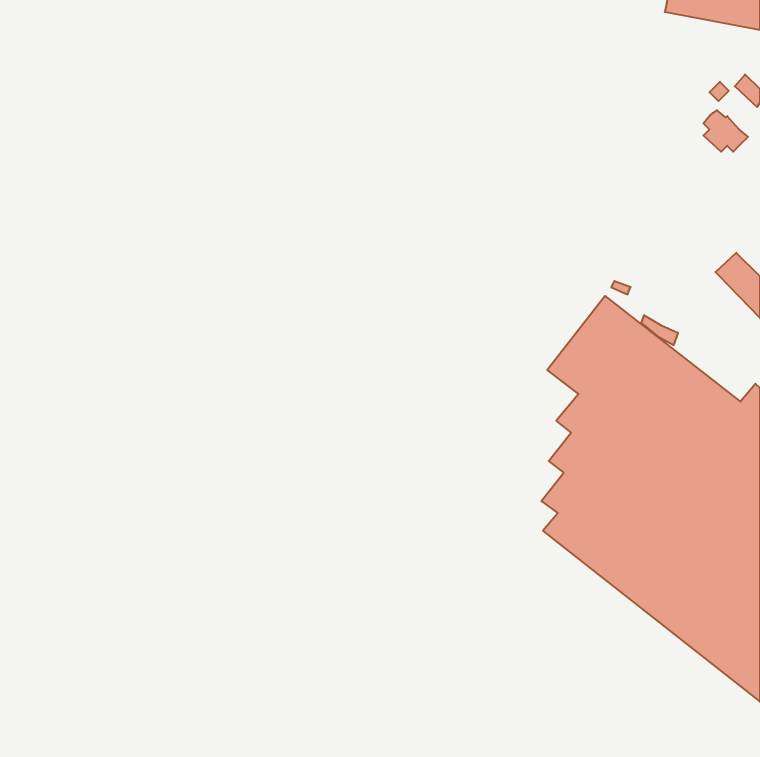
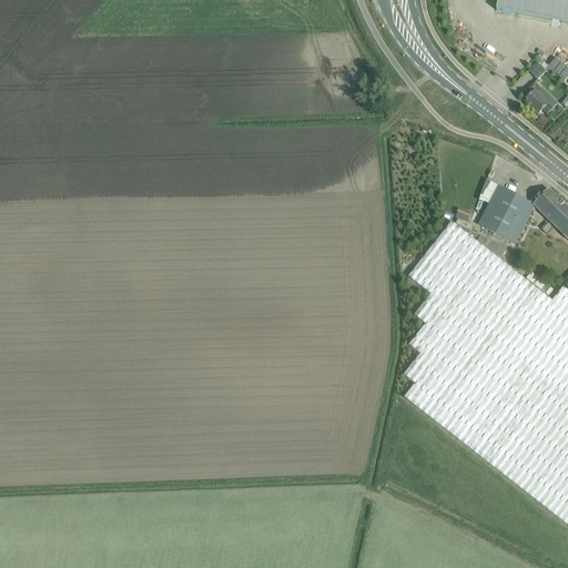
building: none -> [488,185,536,243]

